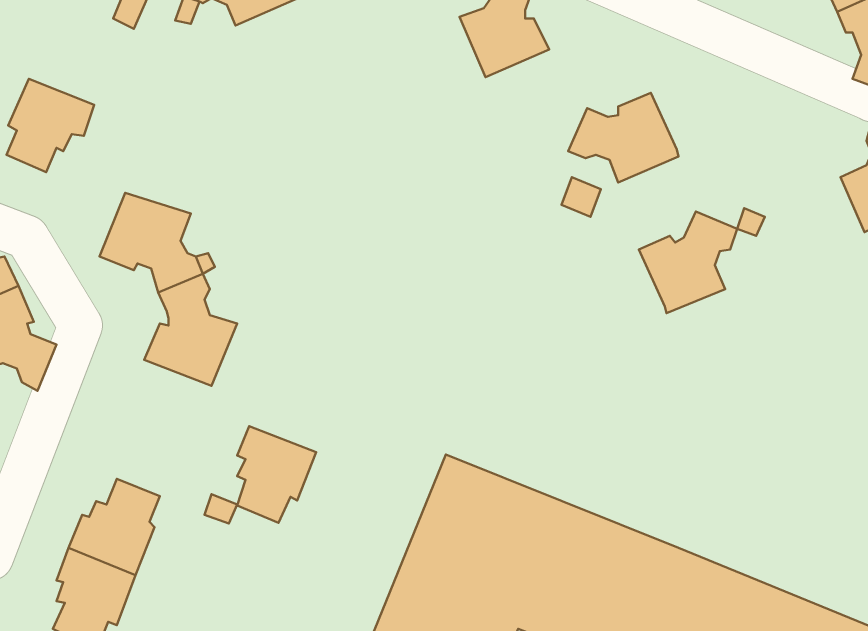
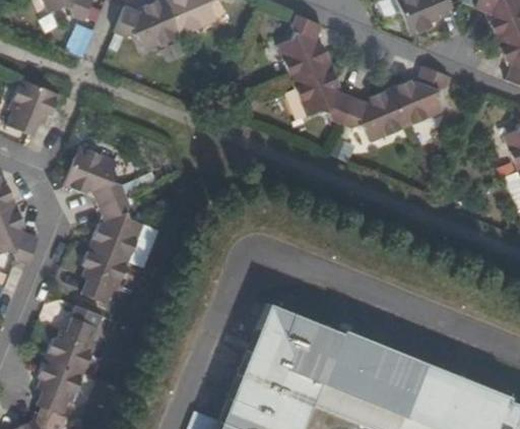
building: none -> [291,63,351,123]
building: [639,212,737,313] -> [389,66,447,126]
building: [237,426,316,523] -> [83,246,130,303]

